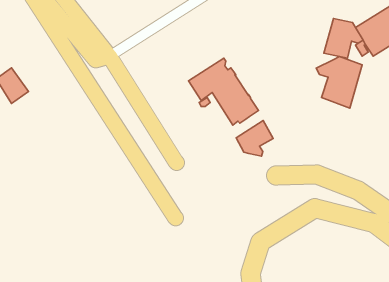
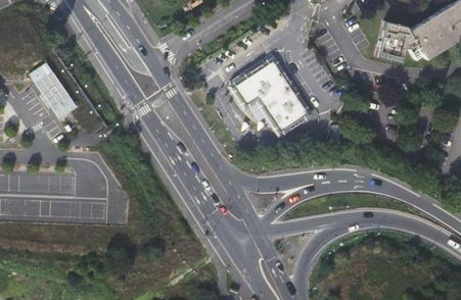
building: [316,56,362,108] -> none
building: [236,120,273,156] -> none

